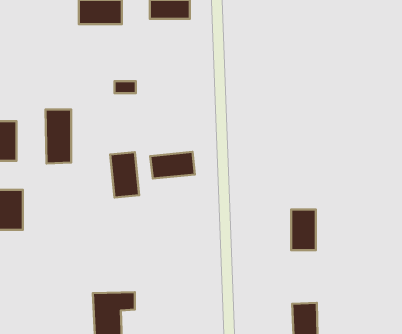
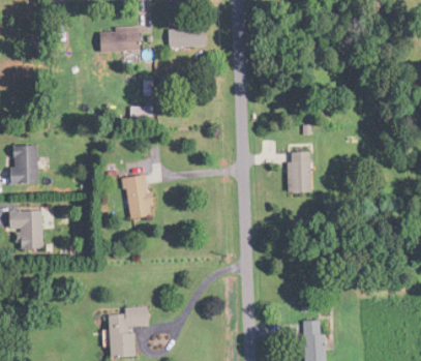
building: [45,109,71,164] -> none
building: [150,152,195,179] -> none
building: [291,209,316,250] -> [285,153,309,192]

